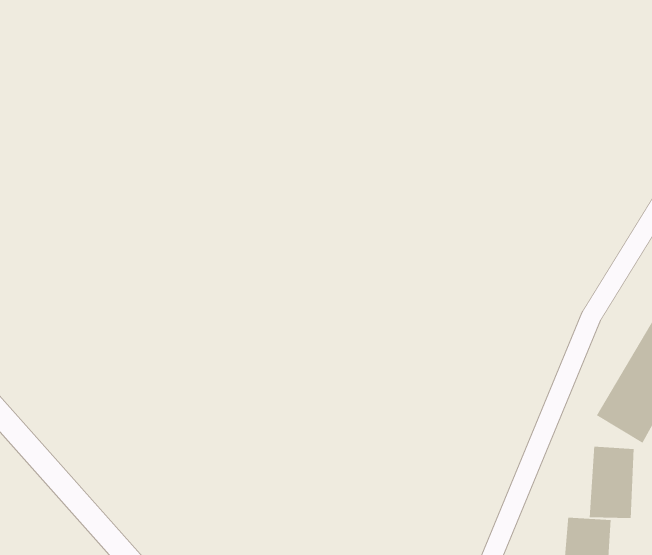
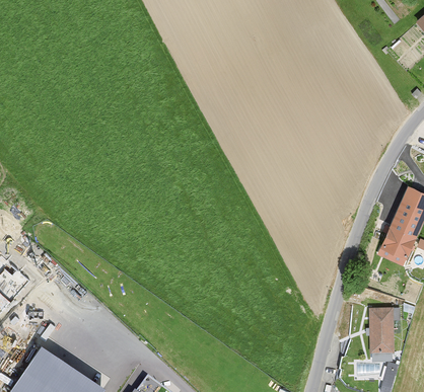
building: [589,446,634,519] -> none

